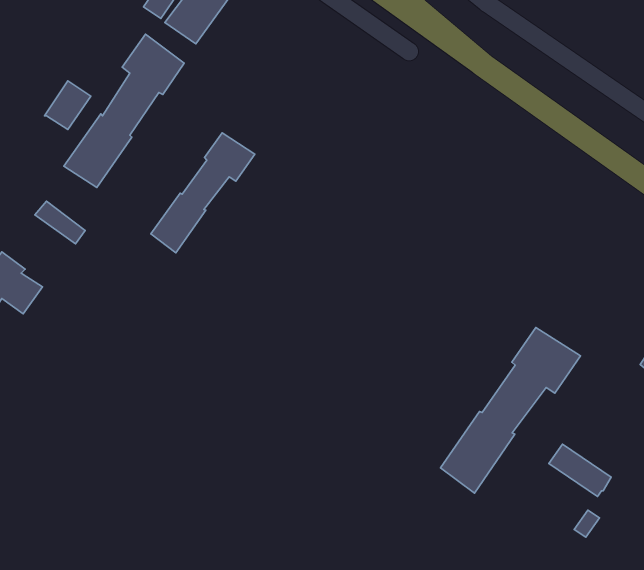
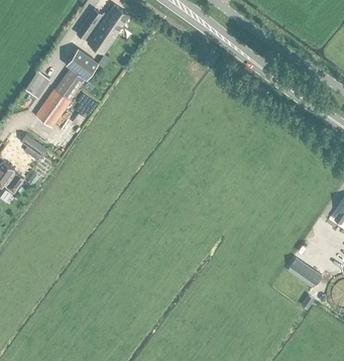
building: [151,133,255,253] -> none
building: [440,328,580,493] -> none

